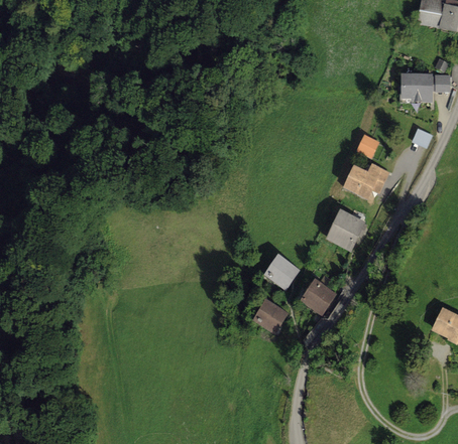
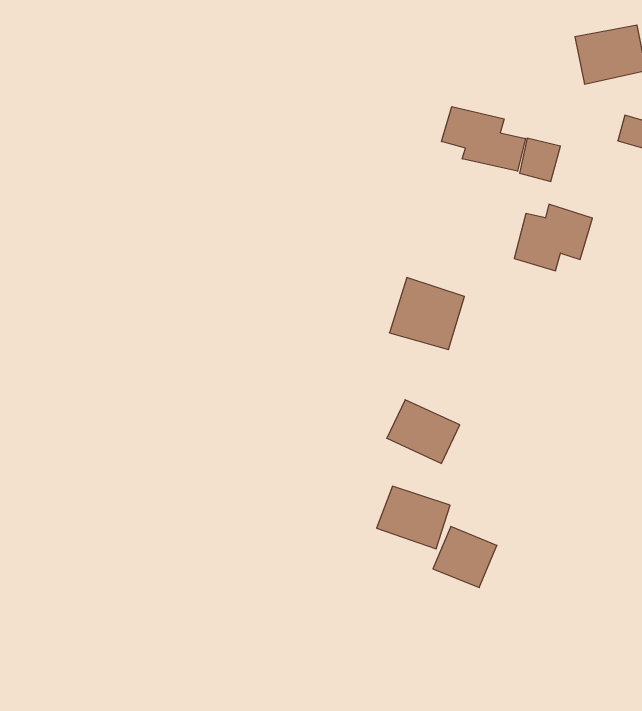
building: none -> [442,107,525,171]
building: [322,209,365,252] -> [389,277,464,350]
building: [302,279,338,314] -> [433,526,497,588]

